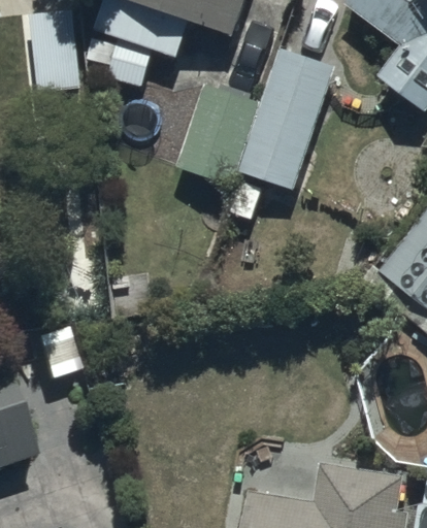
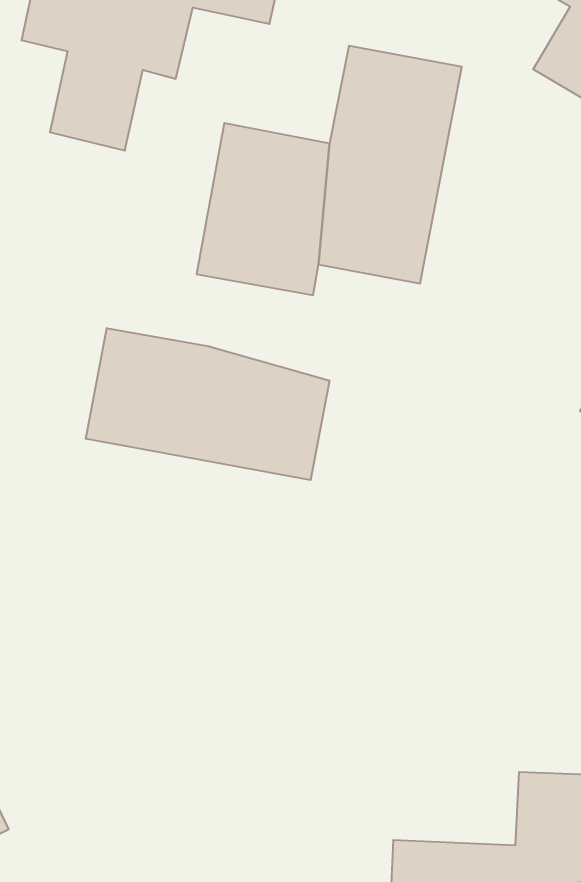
building: none -> [86,328,329,480]

